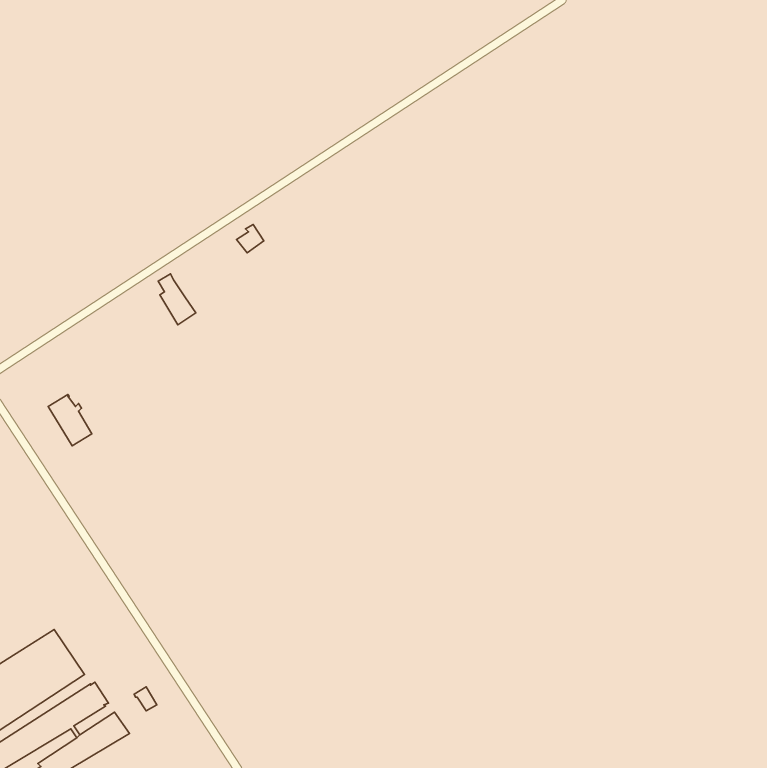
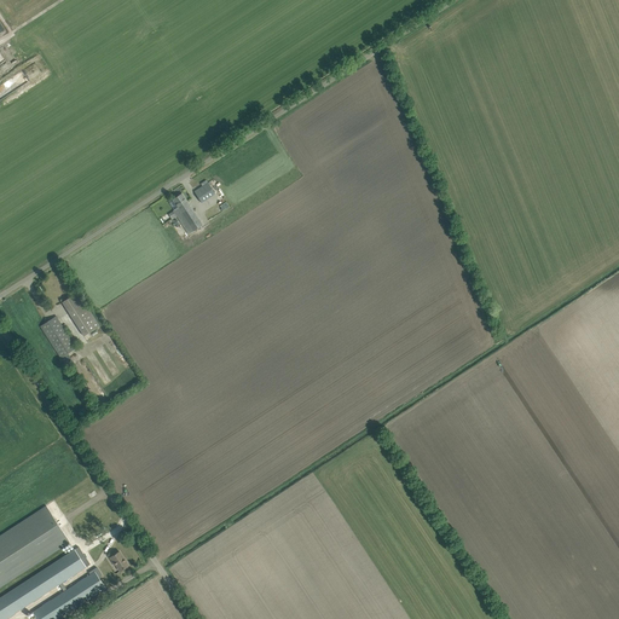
building: [158,274,196,325] -> [170,195,201,236]
building: none -> [60,294,97,337]

